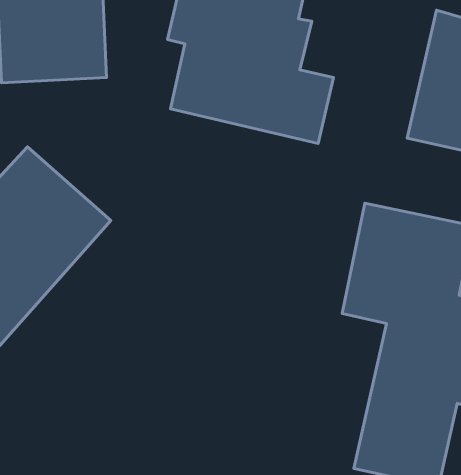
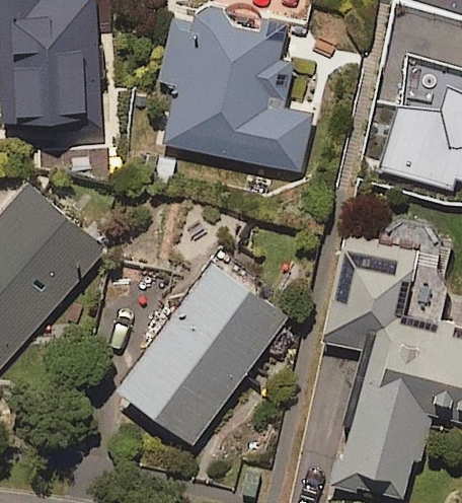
building: none -> [118,259,289,444]

